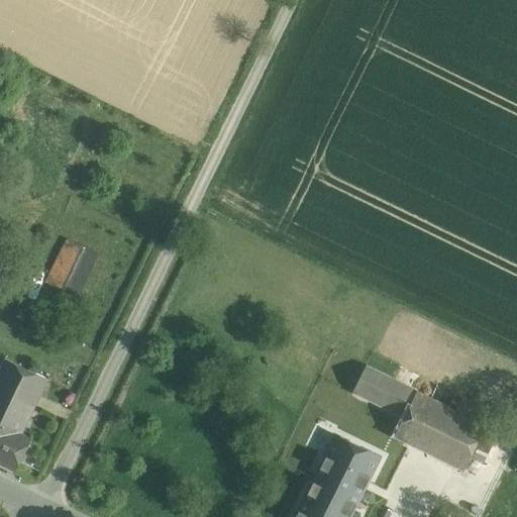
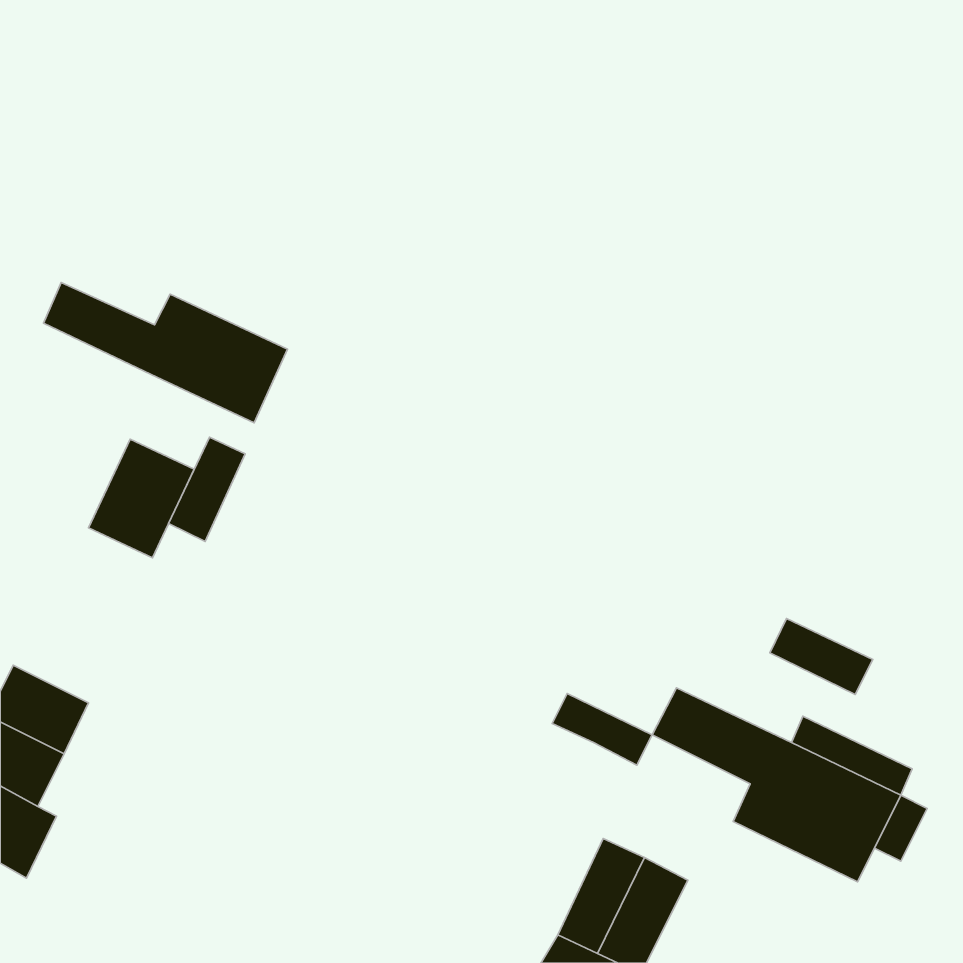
building: none -> [44,282,287,423]
building: none -> [169,437,245,542]
building: none -> [770,619,873,694]
building: [323,433,377,472] -> [552,694,652,765]

